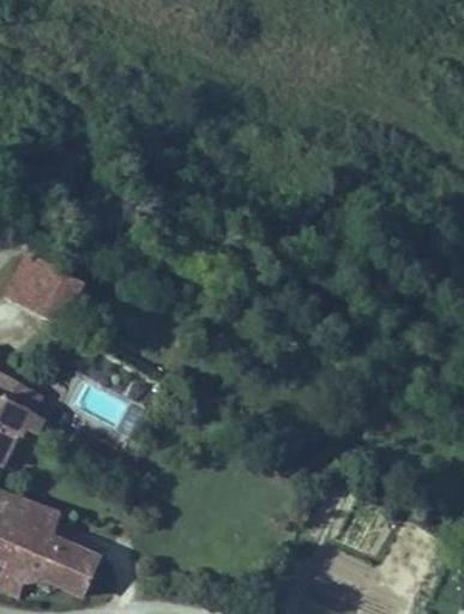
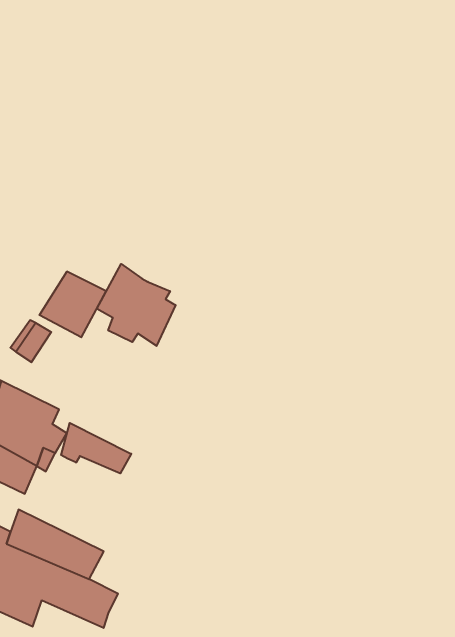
building: none -> [97,264,176,346]
building: none -> [61,423,131,473]

